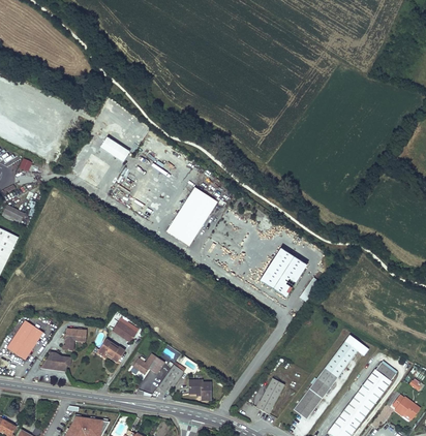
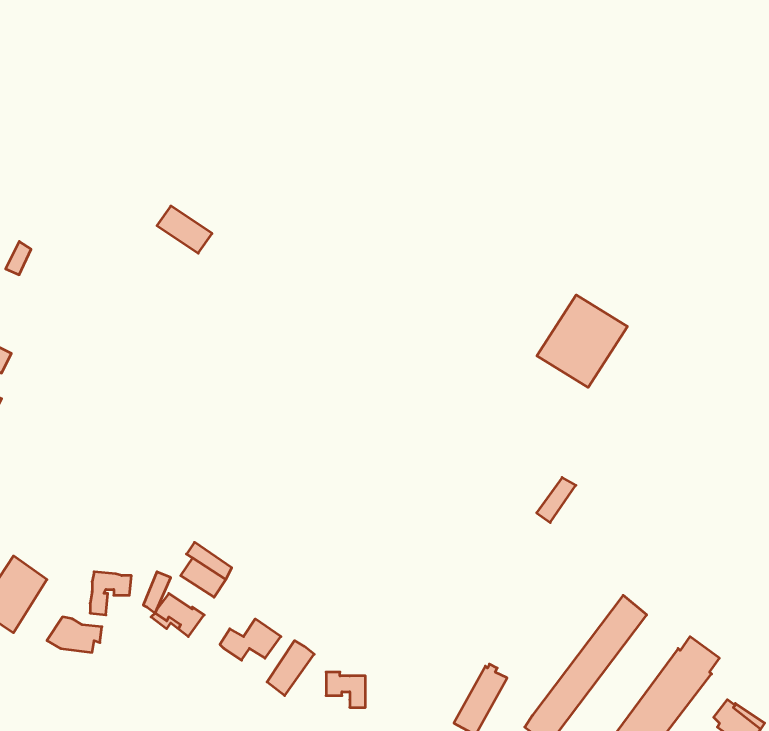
building: [165,186,217,246] -> none
building: [260,247,307,295] -> [537,295,627,387]

